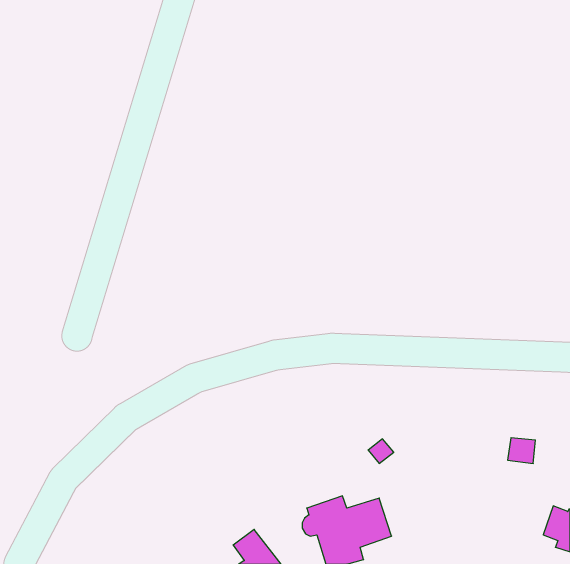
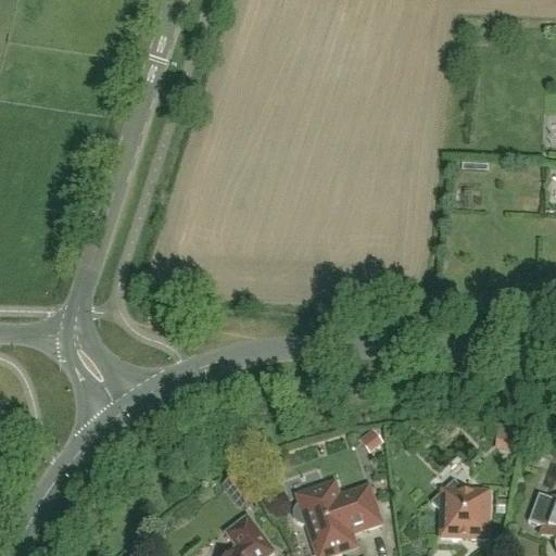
building: none -> [432,478,490,536]

